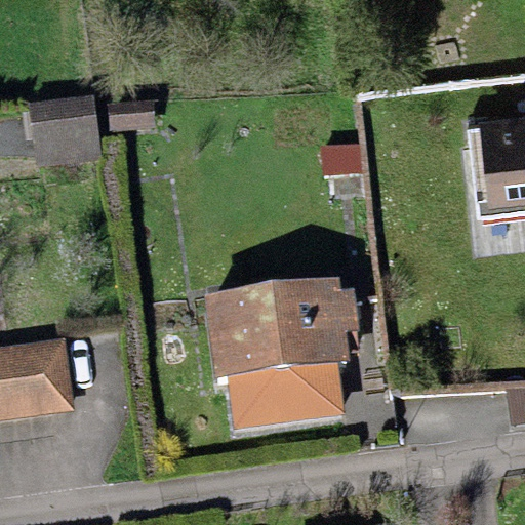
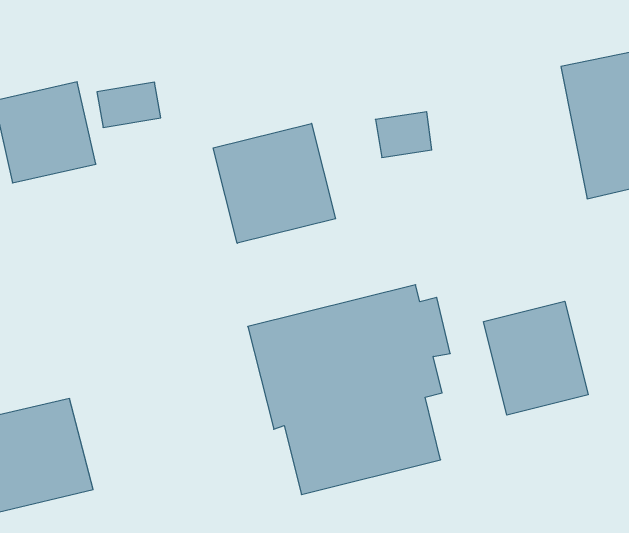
building: none -> [213,123,336,243]
building: none -> [484,301,588,415]

